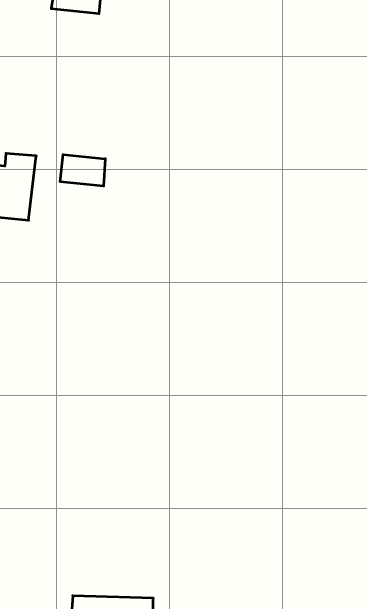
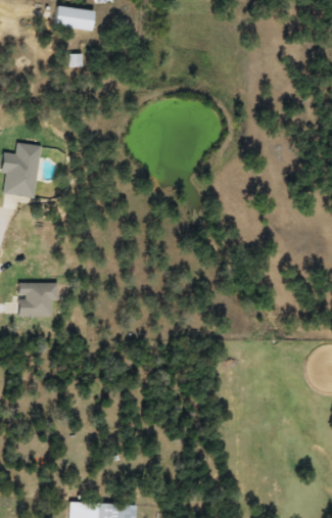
building: [60,155,105,186] -> none
building: none -> [17,283,56,317]

